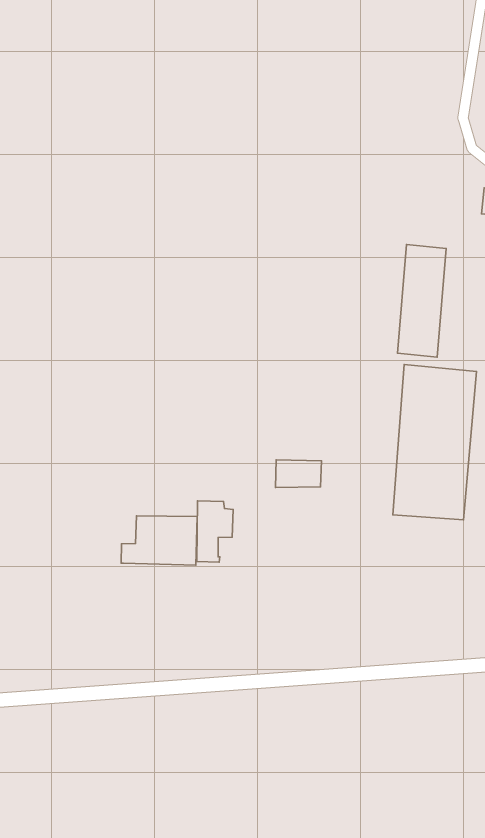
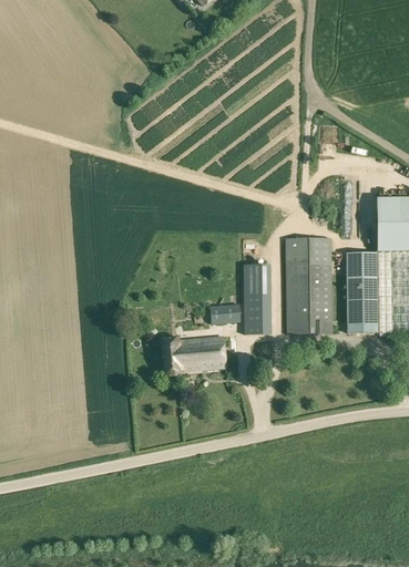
building: [397,245,446,357] -> [244,262,270,332]
building: [121,516,197,565] -> [177,337,226,371]

